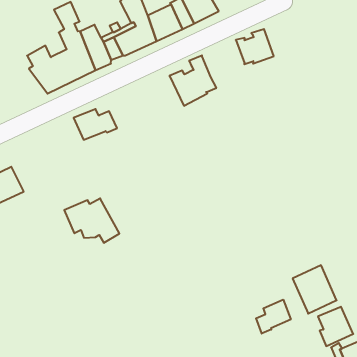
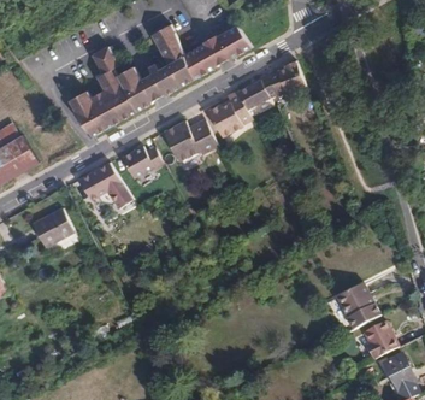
building: none -> [237,73,278,111]
building: none -> [160,122,214,164]
building: [64,198,119,243] -> [72,169,126,211]
building: [256,300,291,334] -> none

